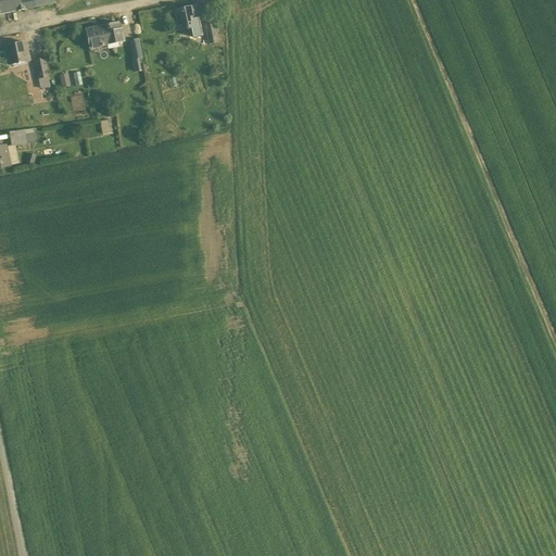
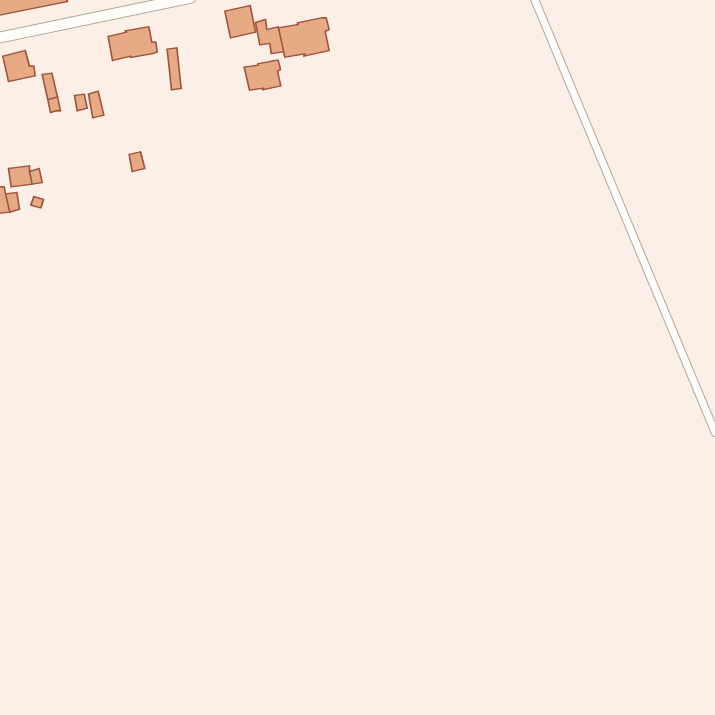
building: none -> [278,18,329,57]
building: none -> [244,60,281,90]

